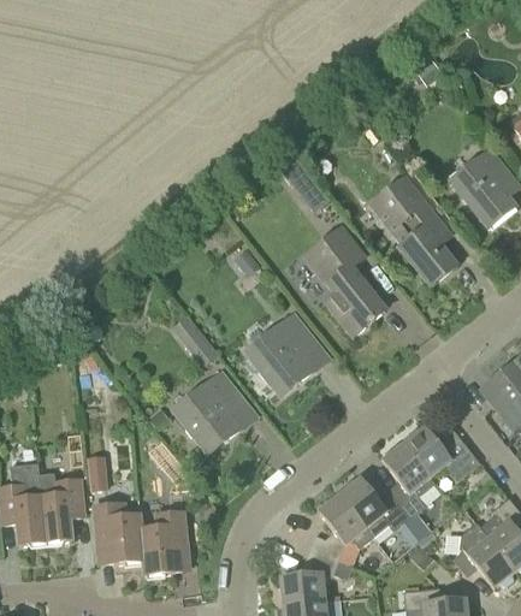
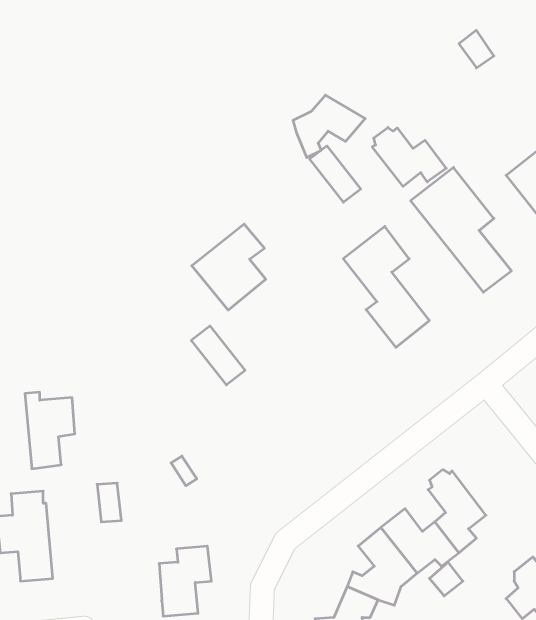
building: none -> [293,95,365,158]
building: none -> [372,127,446,186]
building: [249,315,315,392] -> [192,224,266,310]
building: [178,374,242,450] -> none
building: [404,430,475,485] -> none
building: [42,473,87,541] -> [25,392,75,469]
building: [93,503,146,565] -> none

